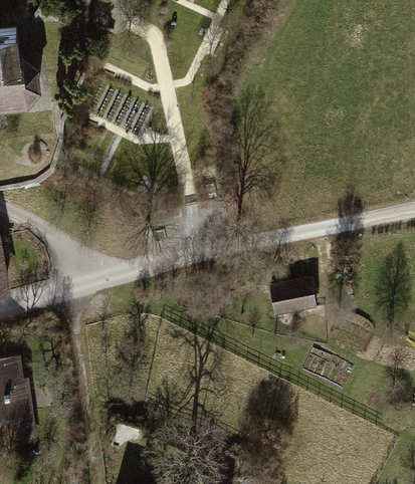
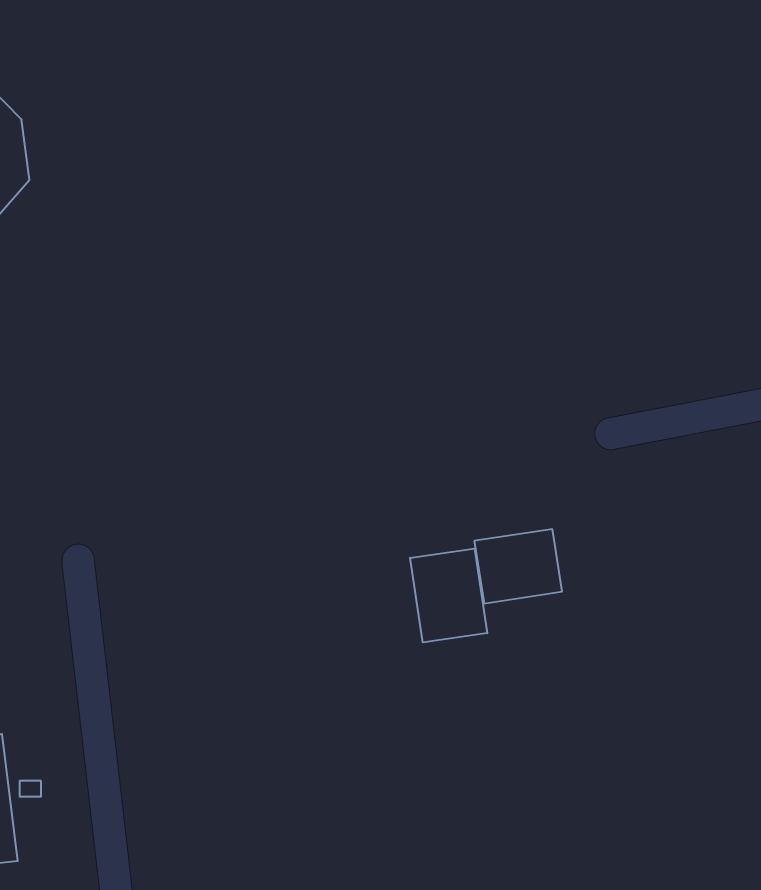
building: none -> [410,548,487,642]

